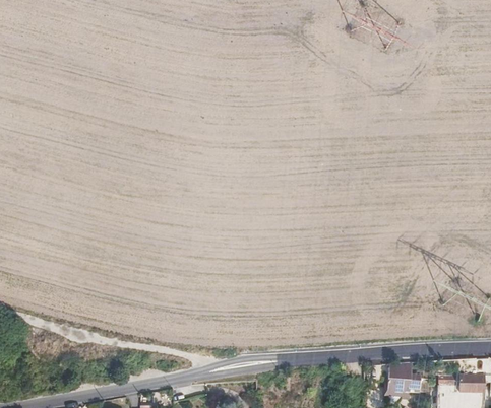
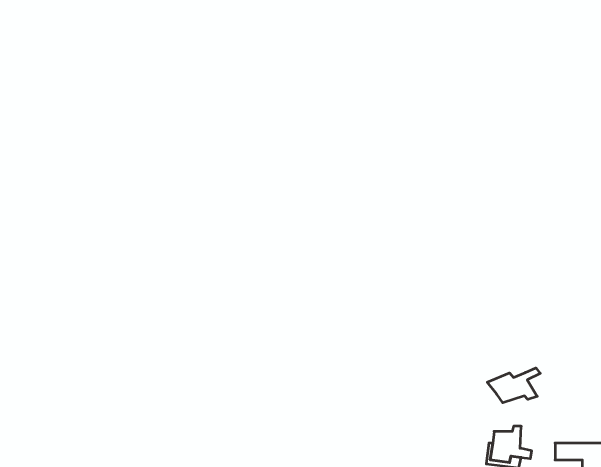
building: none -> [487,368,540,403]

